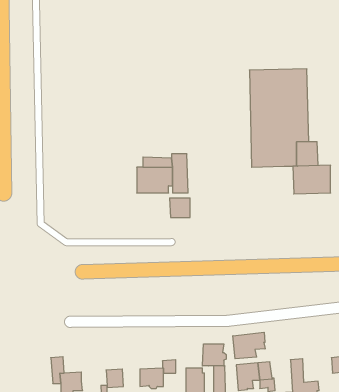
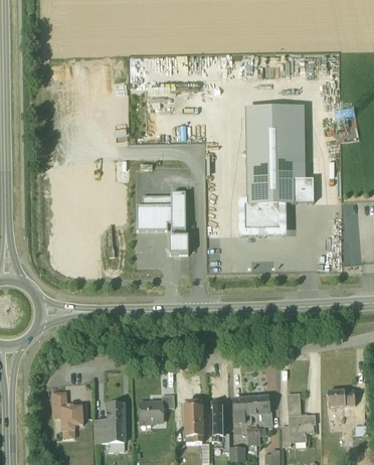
building: [293,165,331,194] -> [243,203,280,231]
building: [233,332,265,359] -> none
building: [202,344,226,366] -> none

